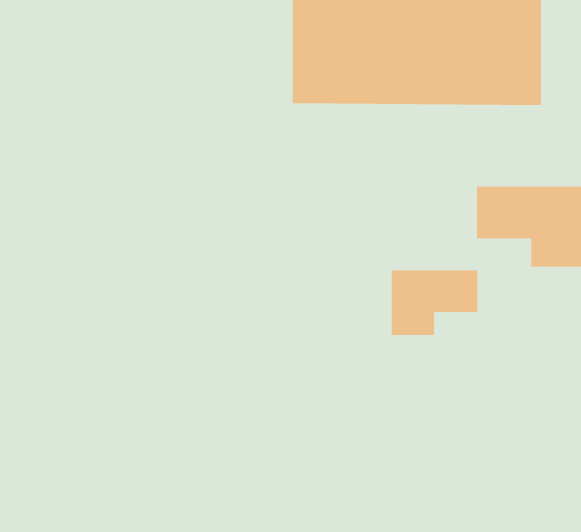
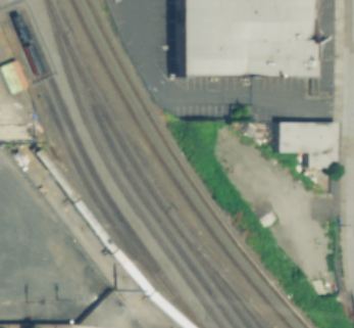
building: [391,269,478,336] -> none

